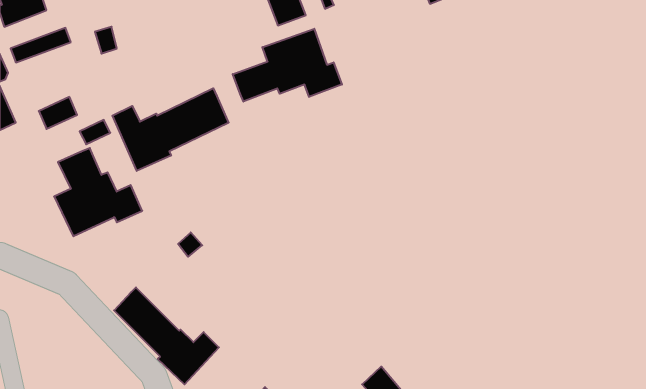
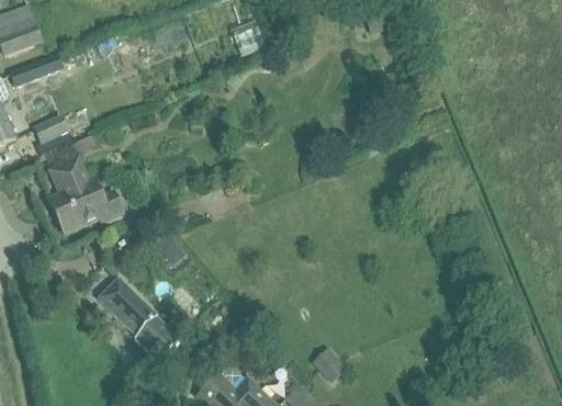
building: [233,29,342,102] -> none
building: [112,88,229,171] -> none

